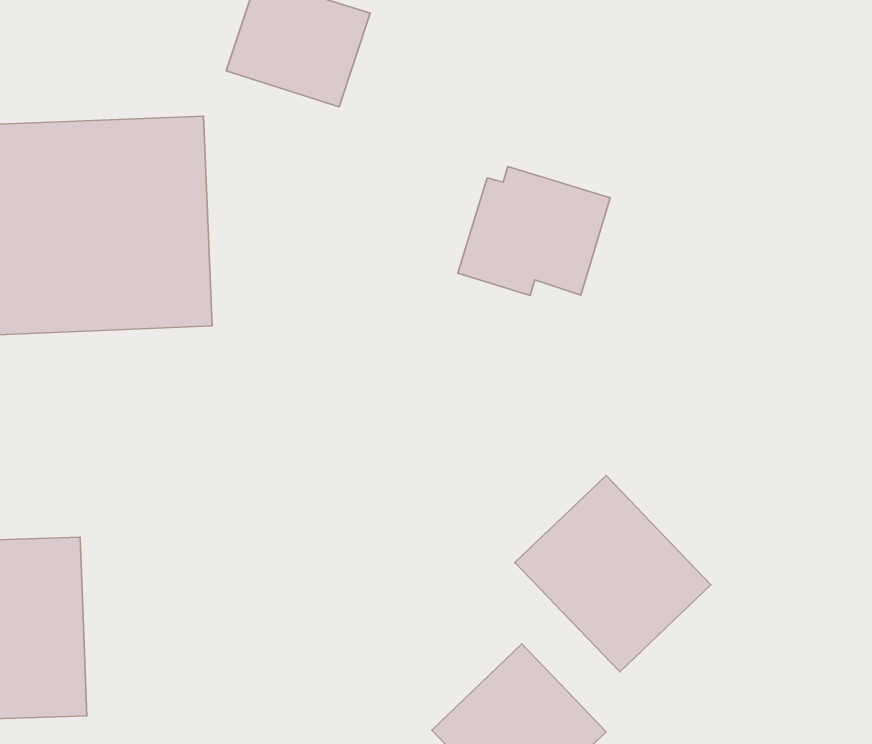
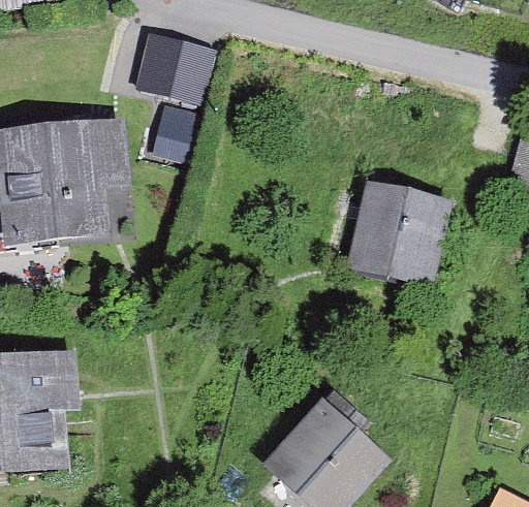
building: [458,166,610,296] -> [349,194,434,267]
building: [515,475,711,672] -> none

